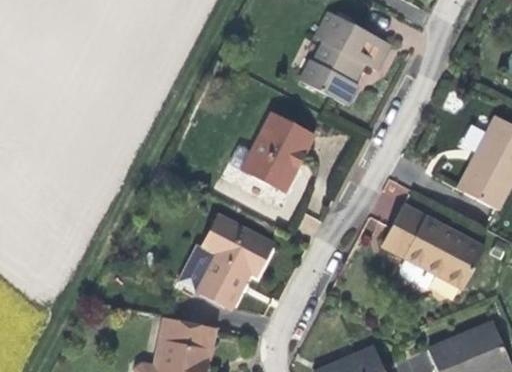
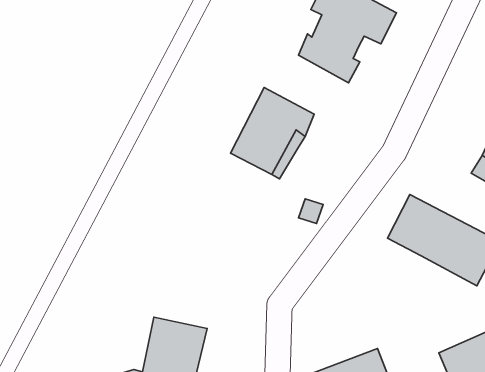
building: [172,214,274,308] -> none

